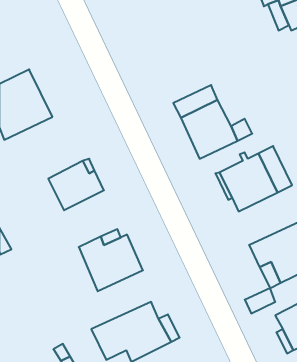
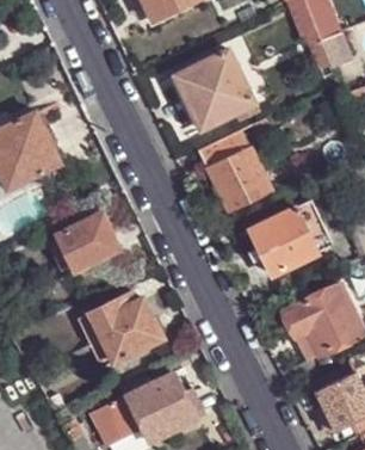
building: none -> [173,48,254,129]

